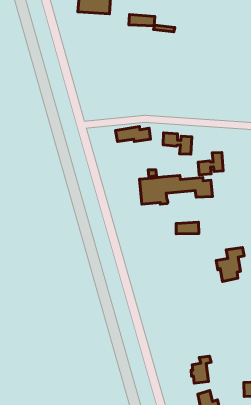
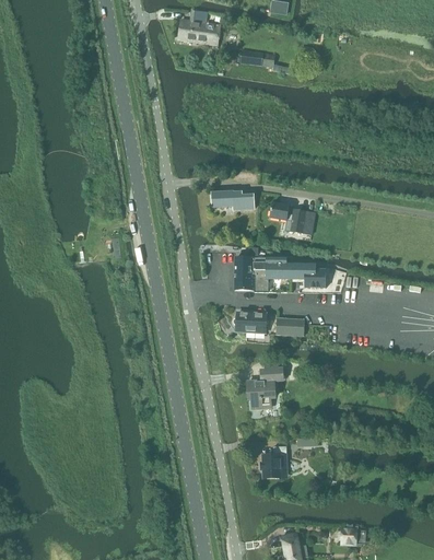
building: [198,152,223,175] -> none
building: none -> [233,312,267,331]
building: [216,247,244,281] -> [247,368,283,408]
building: [191,356,211,383] -> [261,445,288,477]

